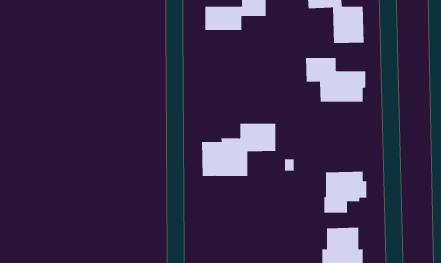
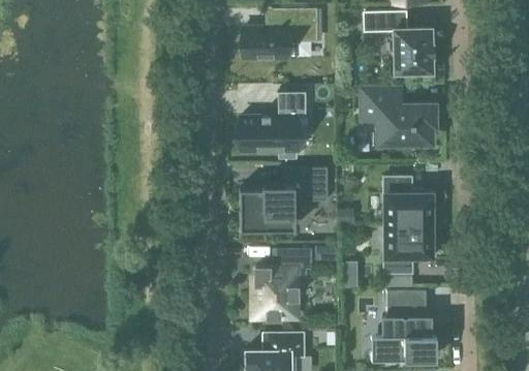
building: none -> [242,93,307,160]
building: none -> [384,178,436,226]
building: none -> [253,250,312,319]

